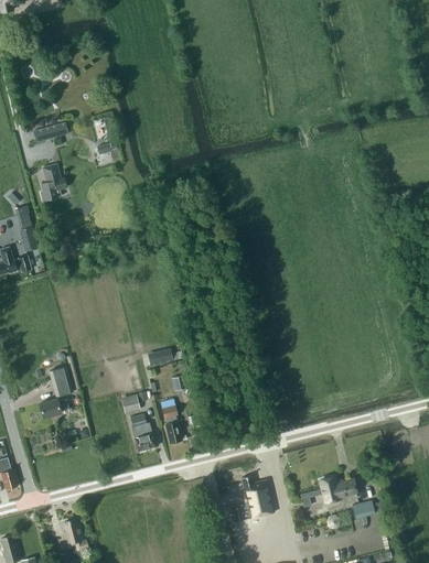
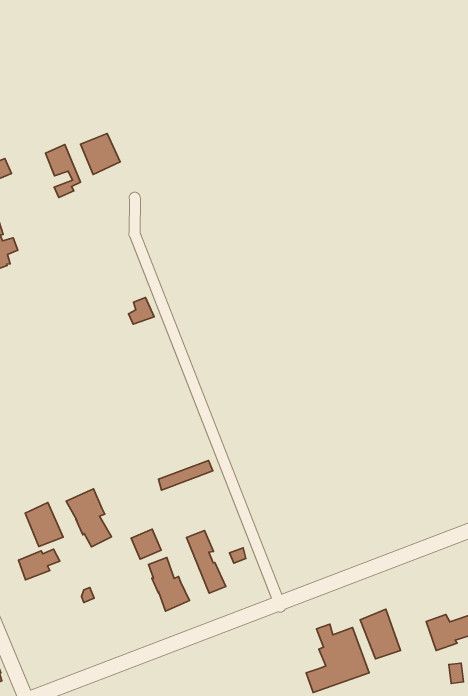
building: none -> [81,134,120,174]
building: none -> [66,489,111,547]
building: none -> [360,609,401,659]

